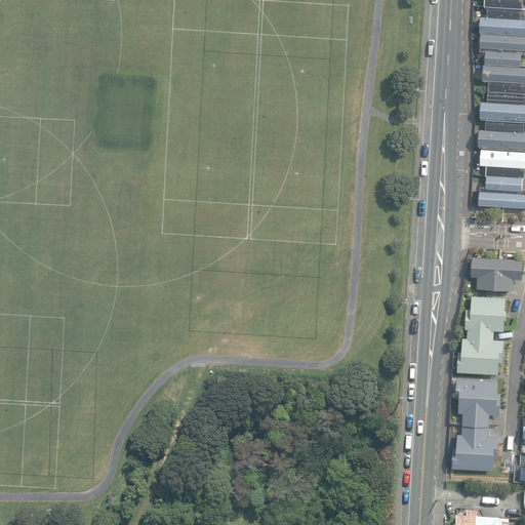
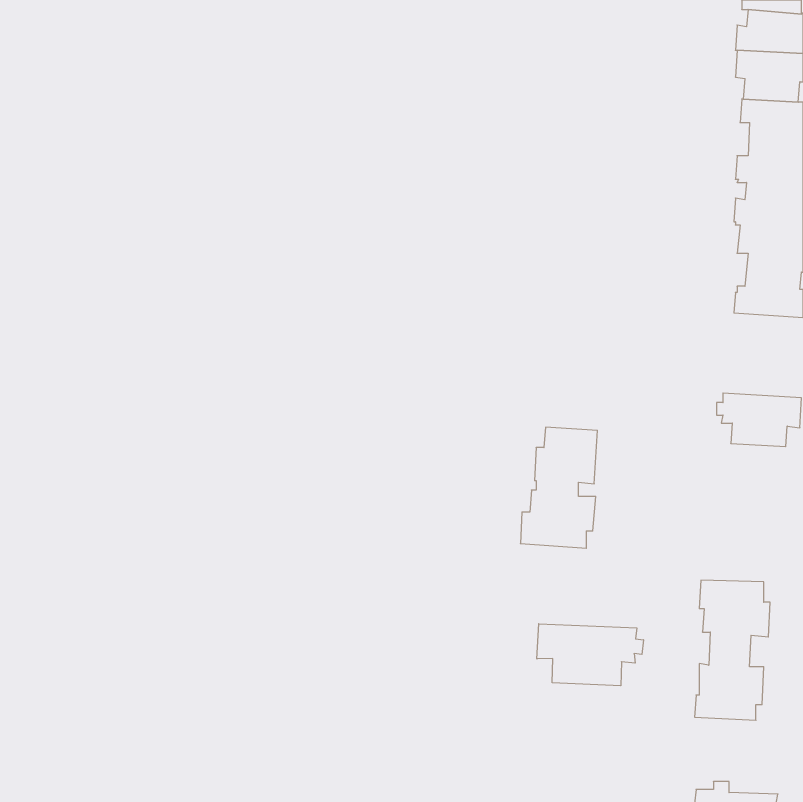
building: [456,295,507,374] -> [520,427,597,548]
building: none -> [537,624,643,686]

